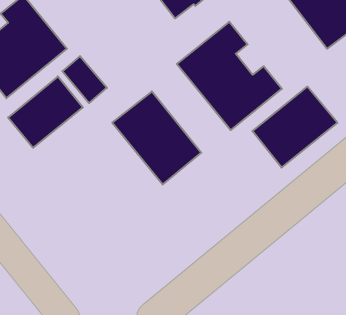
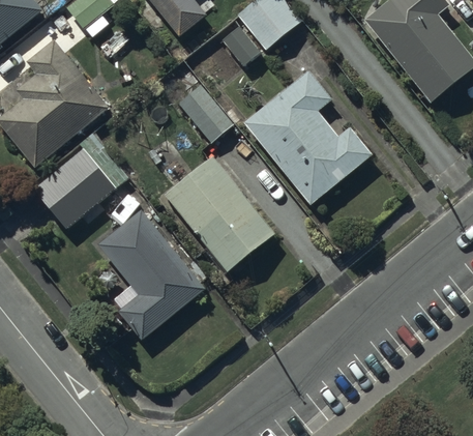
building: [62,56,107,103] -> [178,84,233,142]
building: [252,87,337,168] -> none
building: none -> [98,209,205,340]

